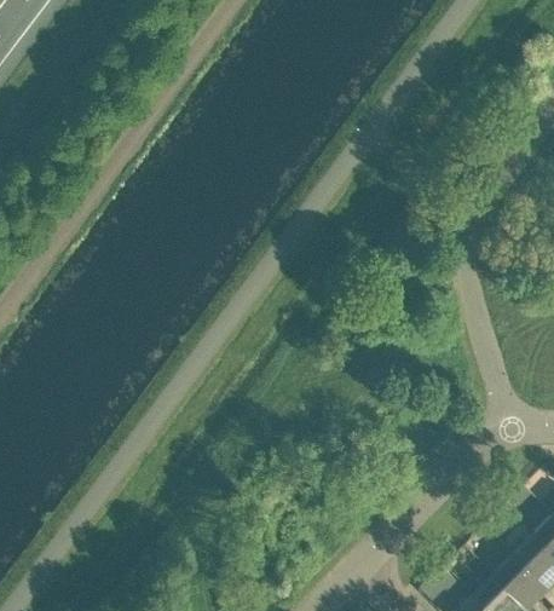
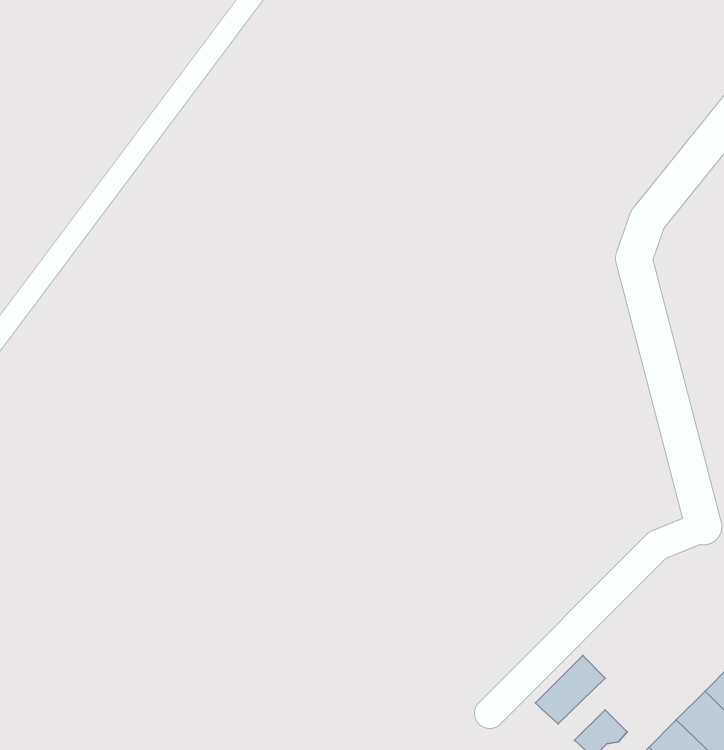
building: none -> [535,656,605,724]

